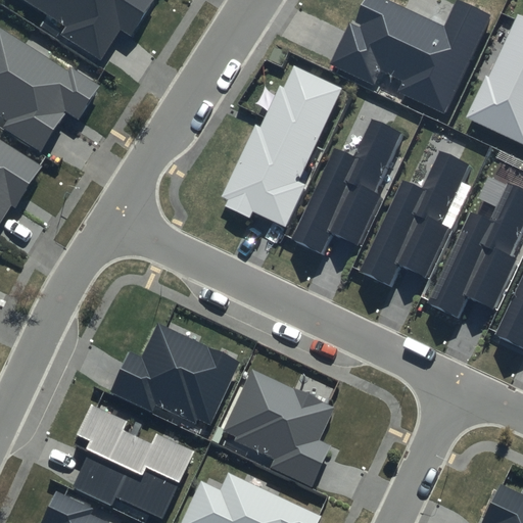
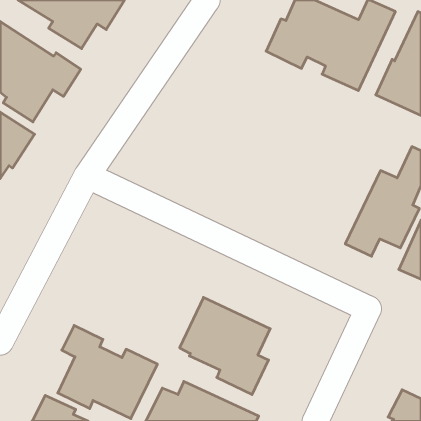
building: [221,67,340,227] -> none
building: [290,117,402,254] -> none
building: [360,150,471,287] -> none
building: [108,324,240,426] -> none

